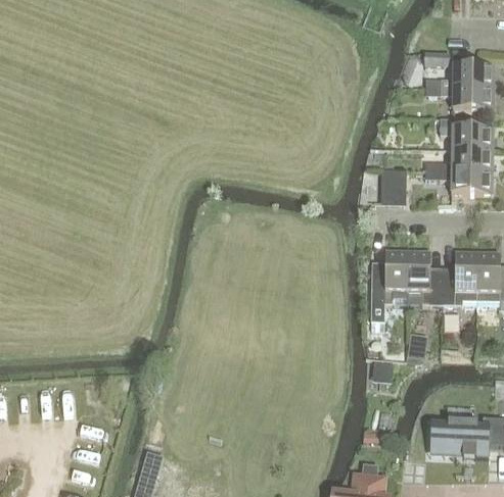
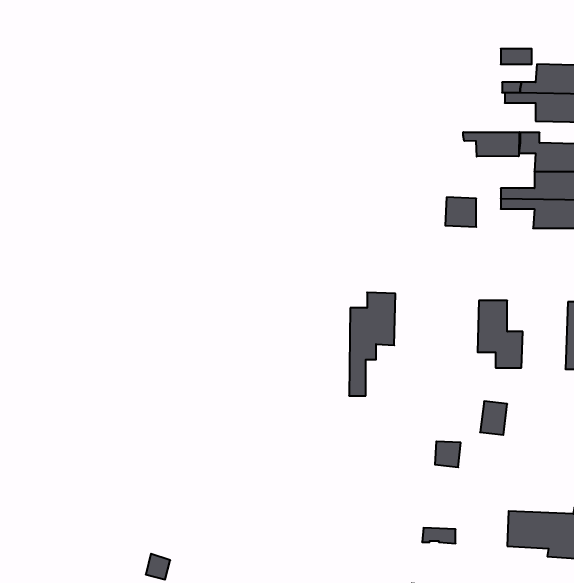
building: none -> [463,132,519,157]
building: [370,250,407,332] -> [349,292,395,396]
building: [441,251,477,305] -> none

